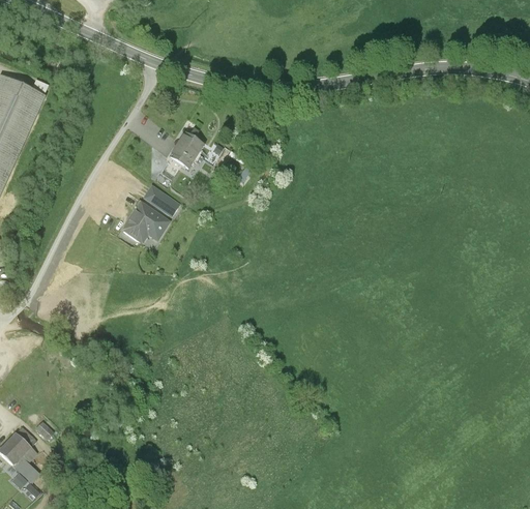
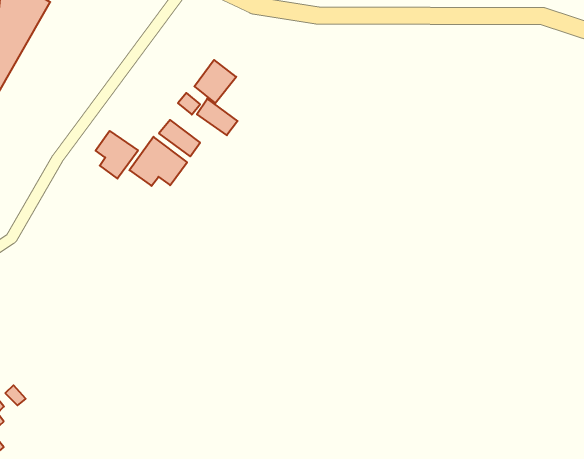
building: none -> [197,99,238,135]
building: none -> [96,131,138,179]

